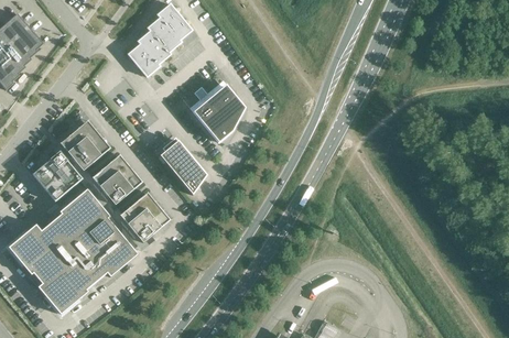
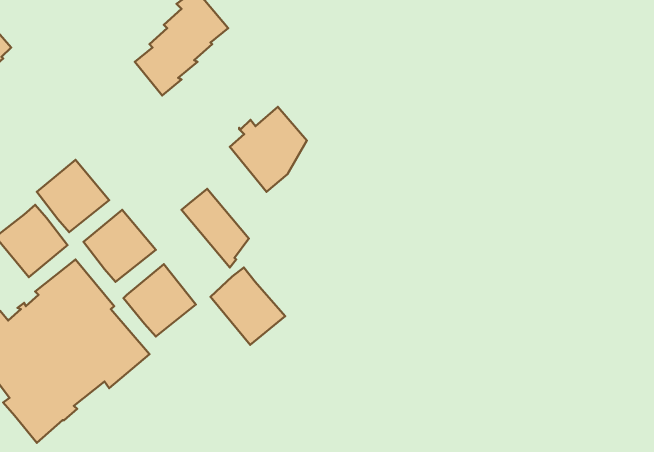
building: none -> [210,268,285,345]

